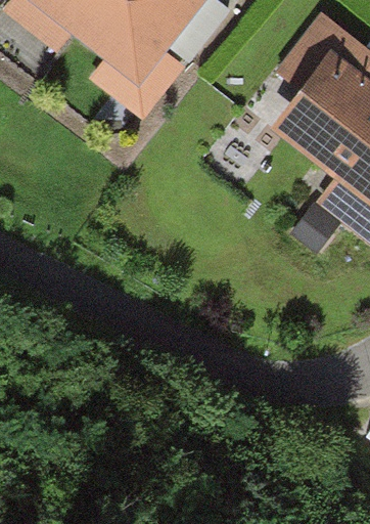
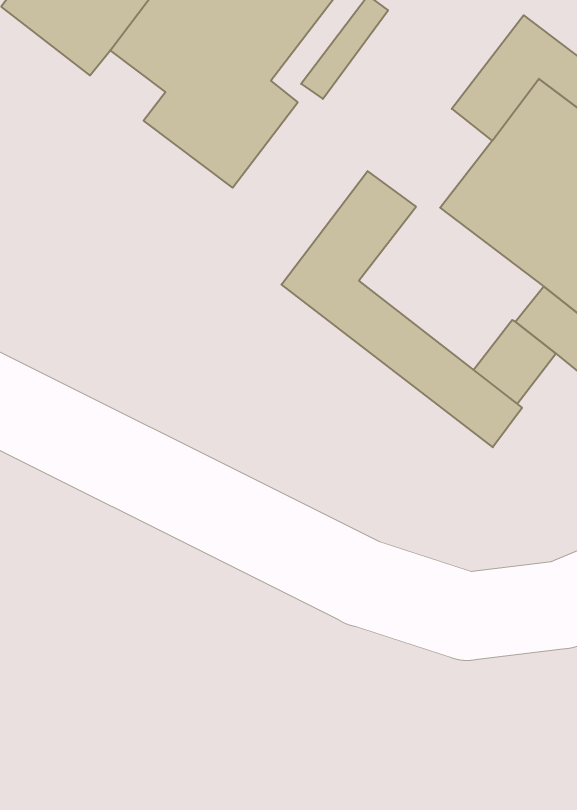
building: none -> [281,171,522,447]

